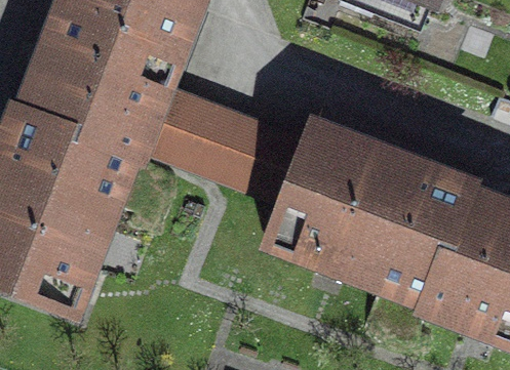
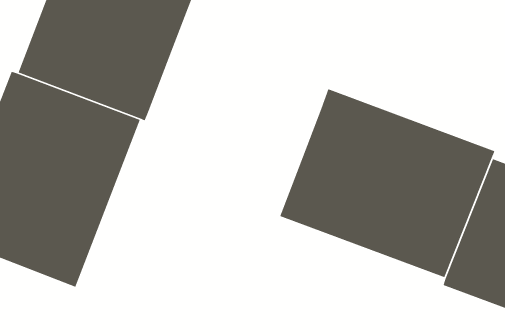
building: [147,87,309,198] -> none

